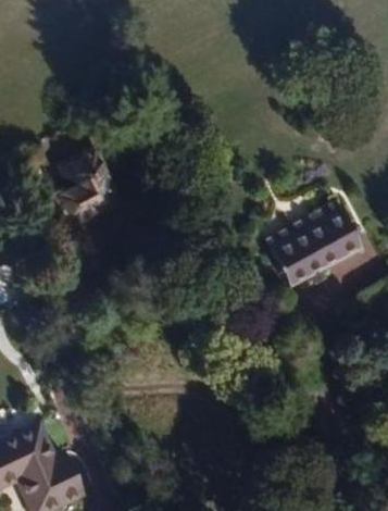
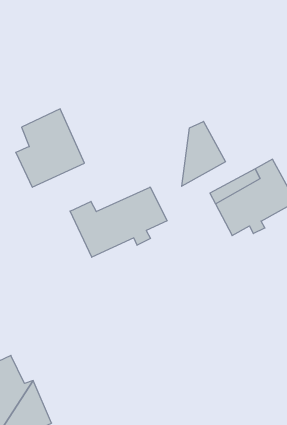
building: none -> [182,121,225,186]
building: none -> [70,187,167,257]

